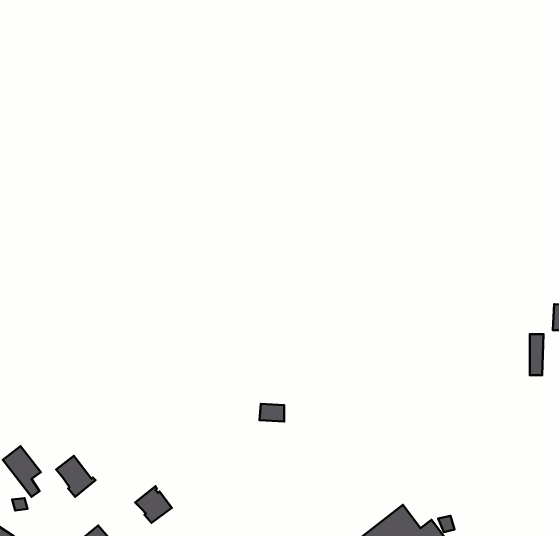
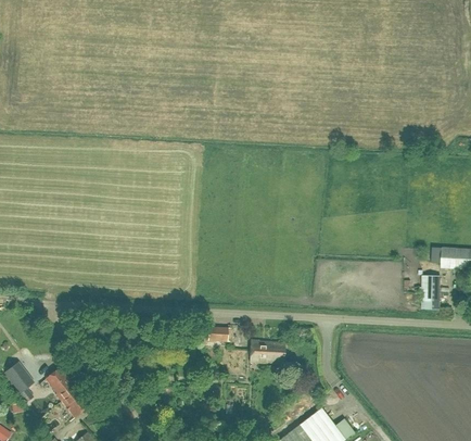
building: none -> [250,341,284,363]
building: [135,486,172,523] -> [61,388,90,417]

